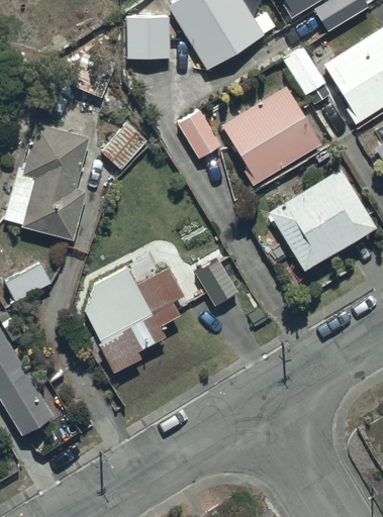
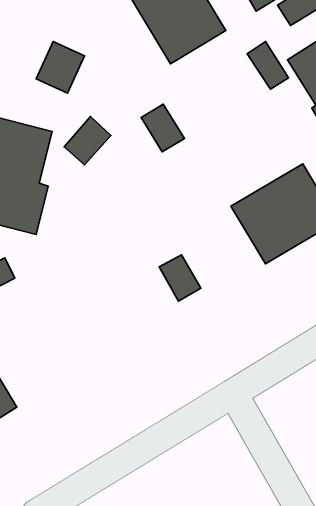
building: [128,18,169,59] -> none
building: [222,88,319,184] -> none
building: [84,268,183,373] -> none

